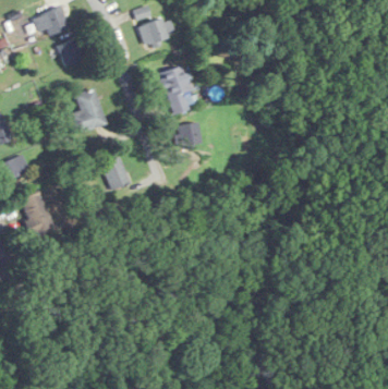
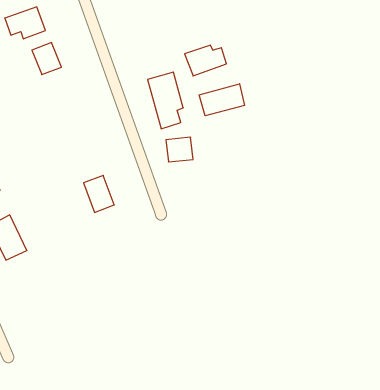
building: [137,19,174,46] -> [185,45,226,76]
building: none -> [199,84,245,116]
building: [69,89,106,135] -> none

